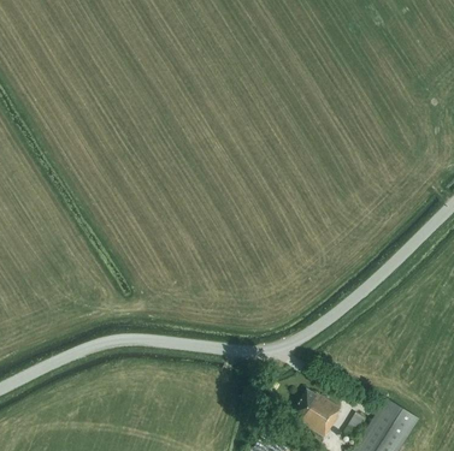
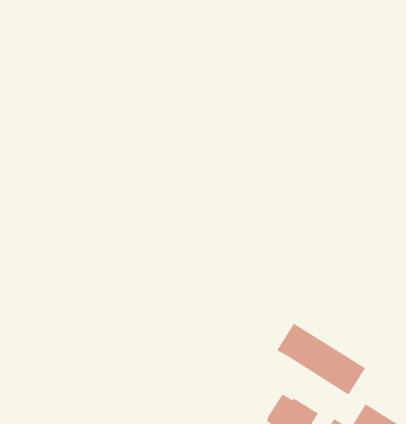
building: none -> [277,323,366,395]

